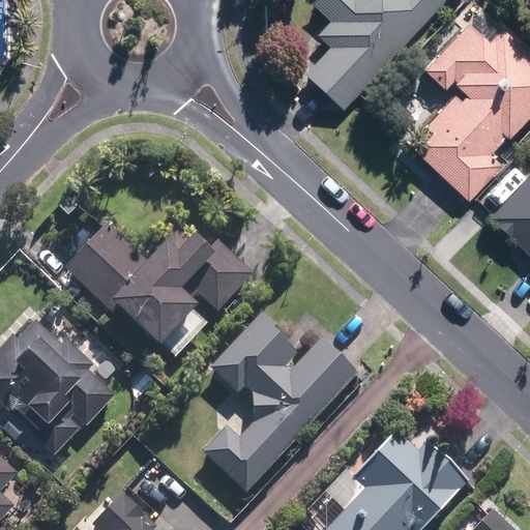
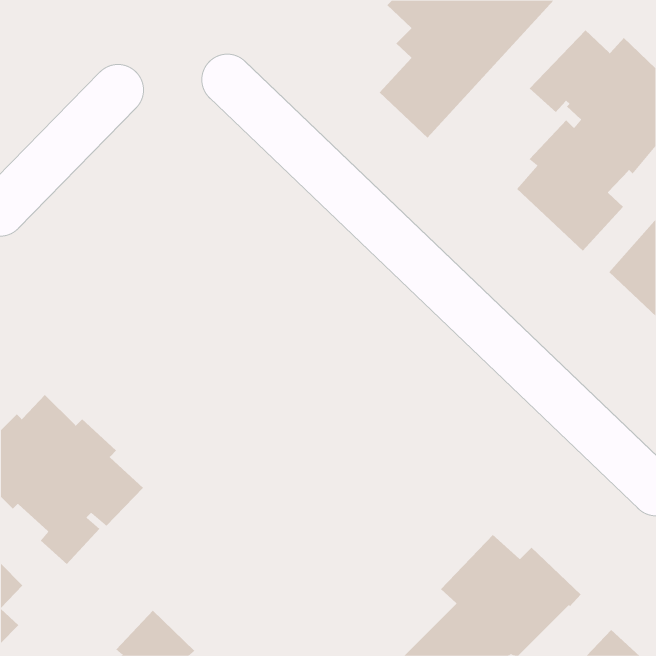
building: [66,222,255,344] -> none
building: [203,310,358,491] -> none

